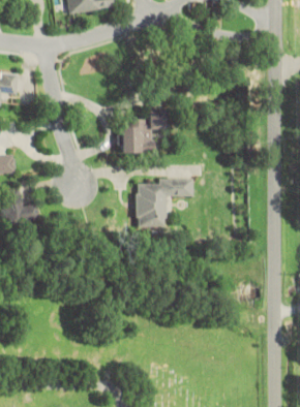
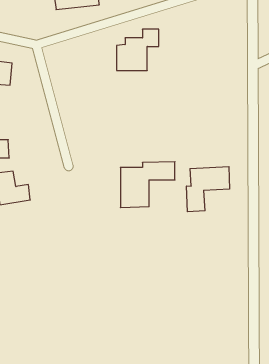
building: [121,109,167,154] -> [117,29,159,70]
building: none -> [187,167,229,212]

